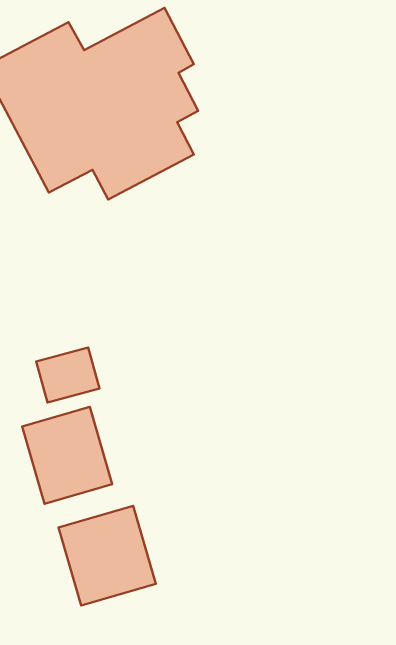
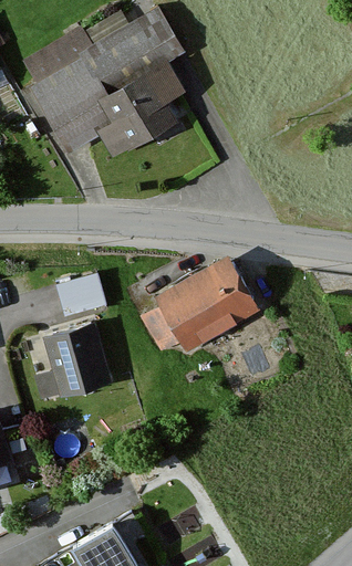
building: none -> [152,255,258,350]
building: [58,506,156,605] -> none

